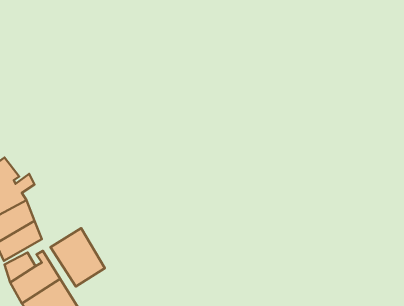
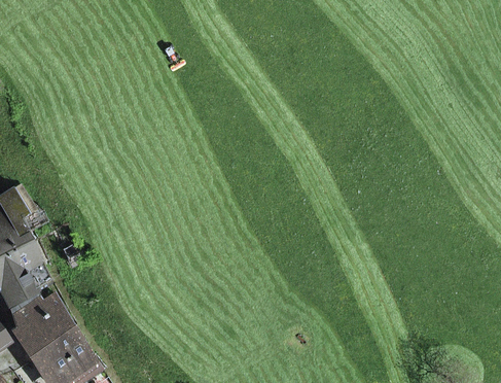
building: [51,228,105,287] -> none

